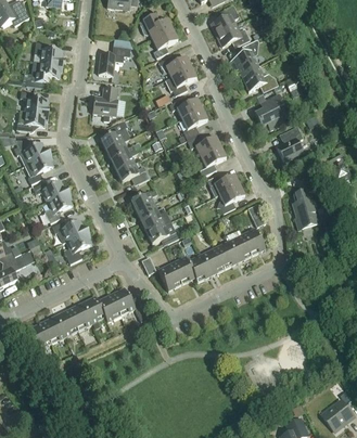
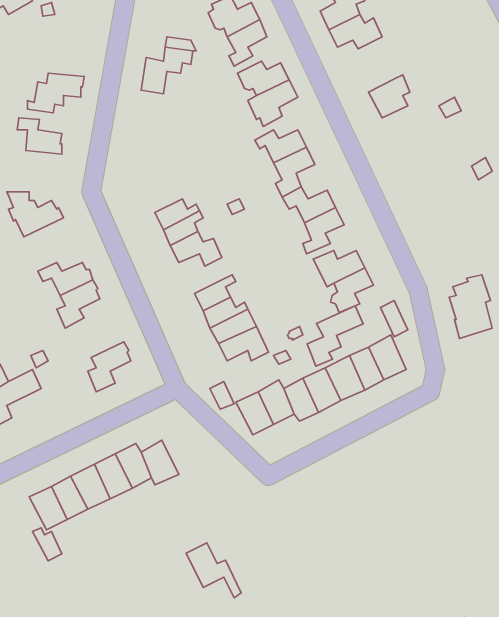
building: [228,38,258,74] -> none
building: [34,41,63,64] -> none
building: [92,87,117,121] -> none
building: [255,93,283,129] -> none
building: [16,110,48,130] -> none
building: [101,120,129,150] -> none
building: [277,126,303,160] -> none
building: [24,153,53,183] -> none
building: none -> [307,306,363,366]
building: [52,219,87,243] -> none
building: [111,286,145,321] -> [186,543,241,598]

